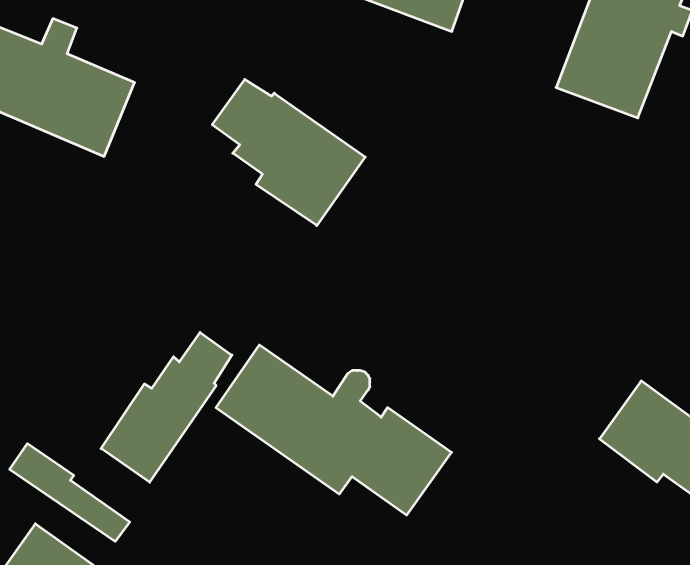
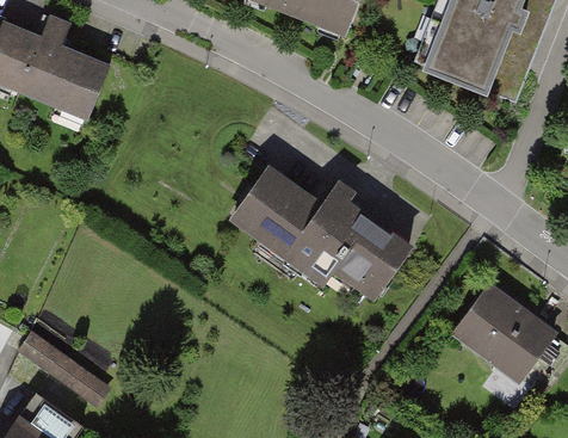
building: [212,79,365,226] -> none
building: [101,332,232,482] -> none
building: [216,345,452,515] -> [233,169,408,296]

